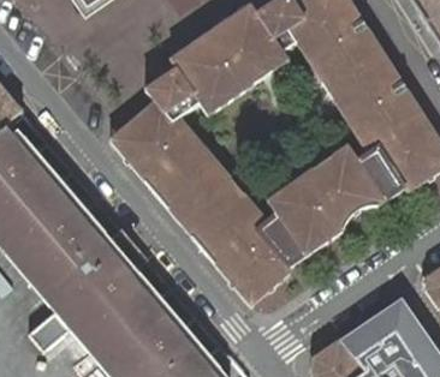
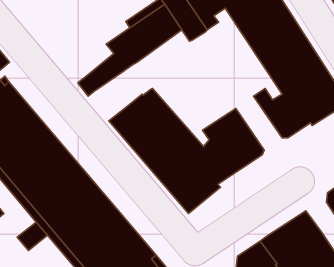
building: [123,70,251,185] -> none
building: [310,154,369,222] -> none

